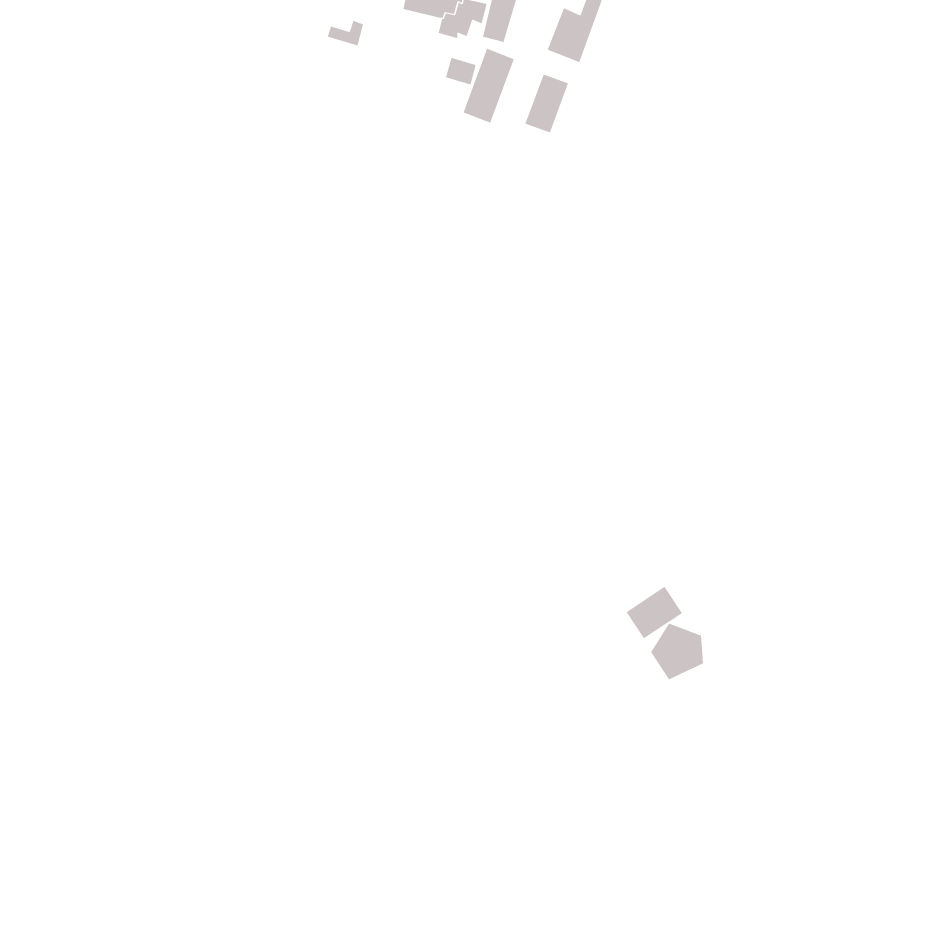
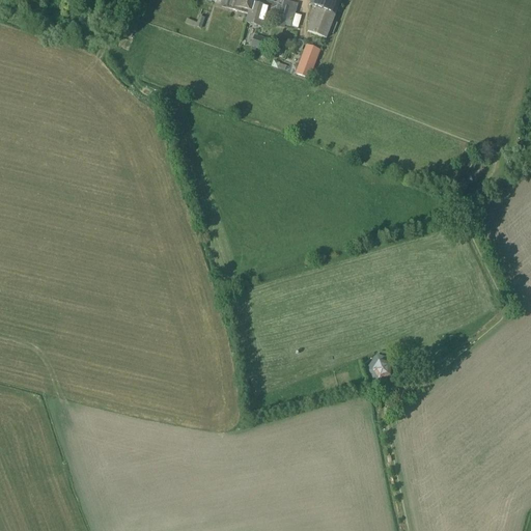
building: [463,48,515,123] -> none
building: [626,586,683,639] -> none

